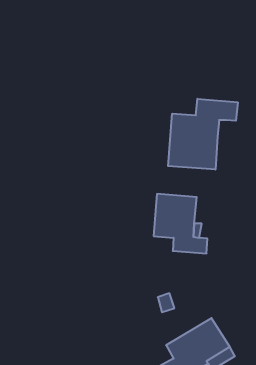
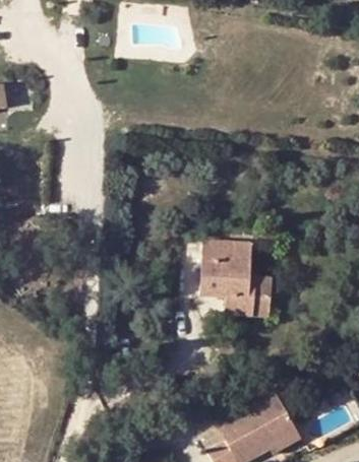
building: [168,99,238,170] -> none

